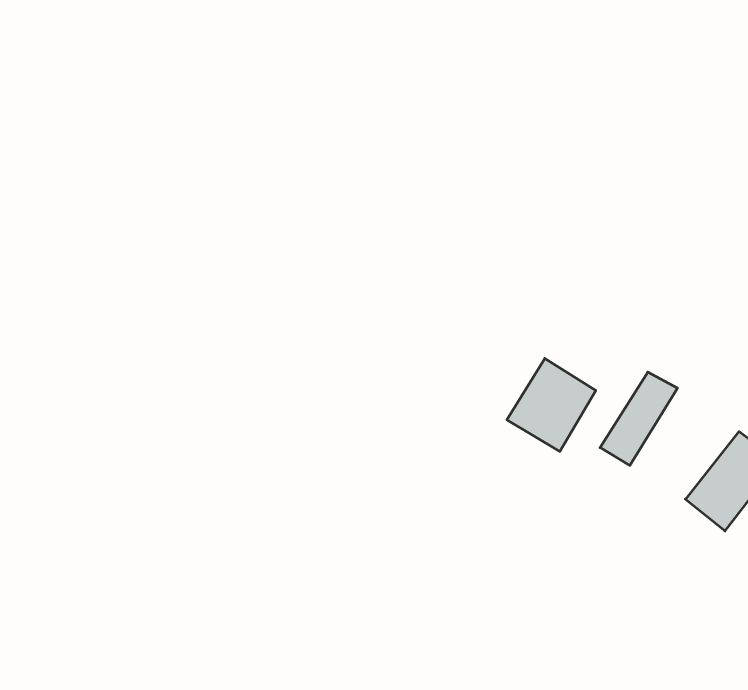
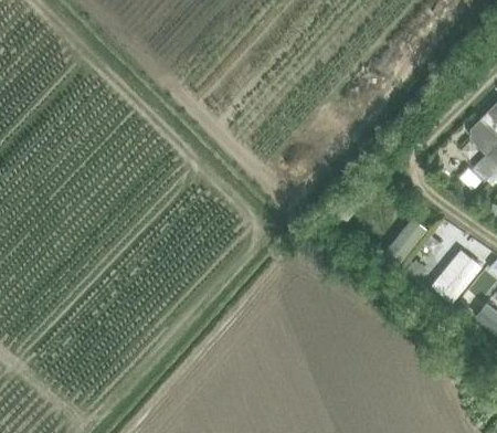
building: [507,358,596,451] -> none

